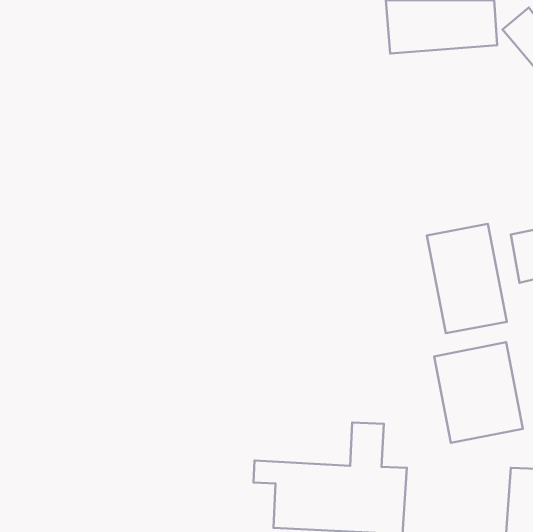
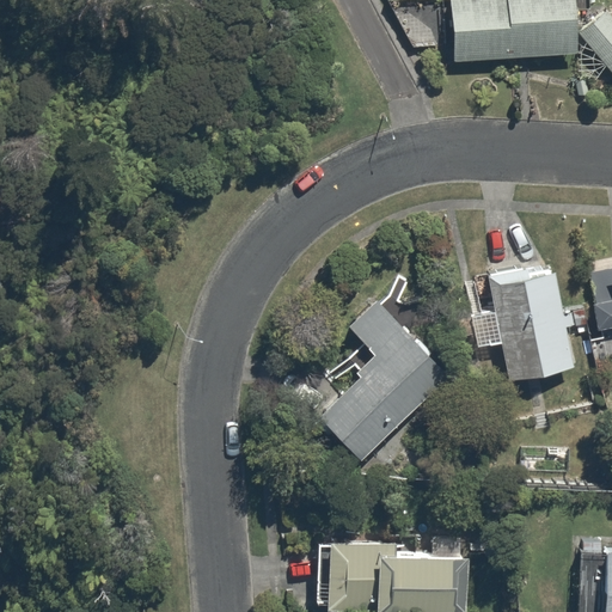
building: none -> [318,302,451,459]
building: [434,342,523,443] -> none

